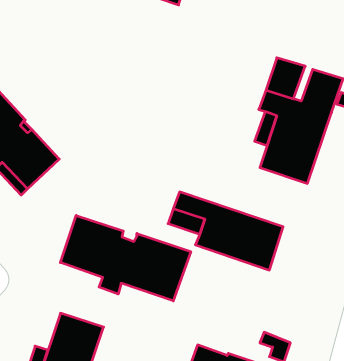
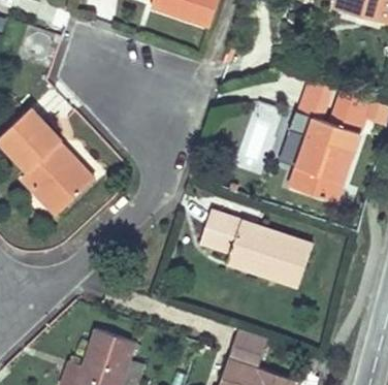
building: [60,215,191,301] -> none
building: none -> [228,330,267,370]

